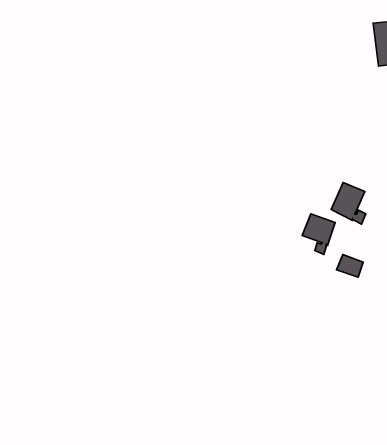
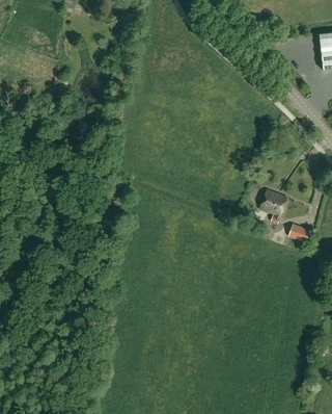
building: [331,183,366,224] -> none

